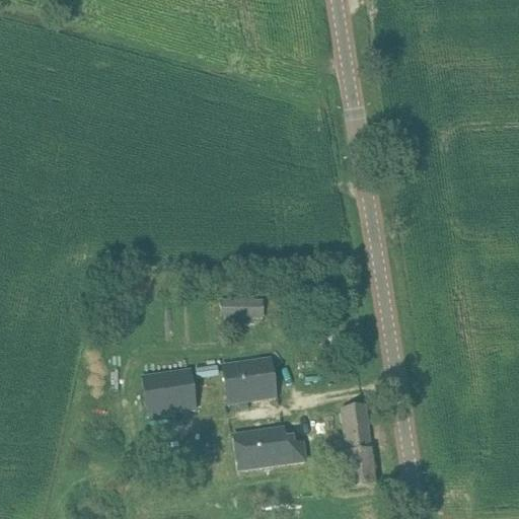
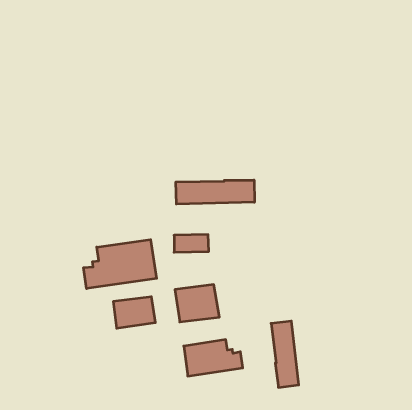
building: none -> [176,180,254,204]
building: none -> [84,240,157,289]

